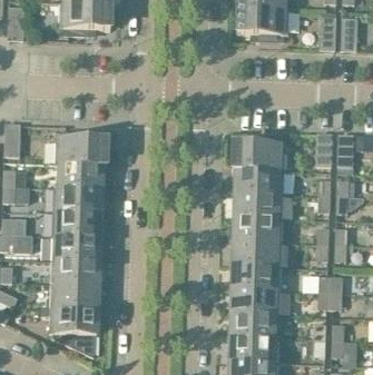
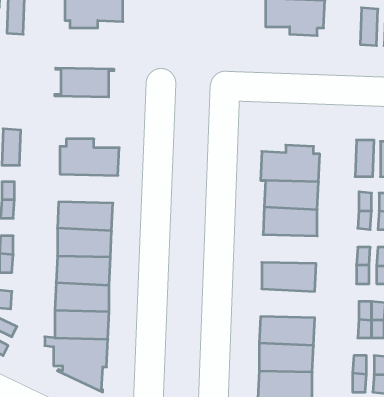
building: [55,161,107,187] -> [55,68,114,97]
building: [234,215,283,240] -> none
building: [233,263,281,288] -> none

